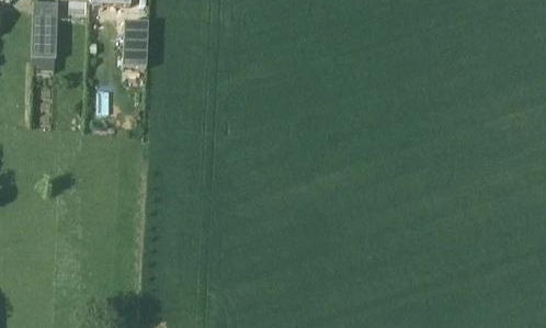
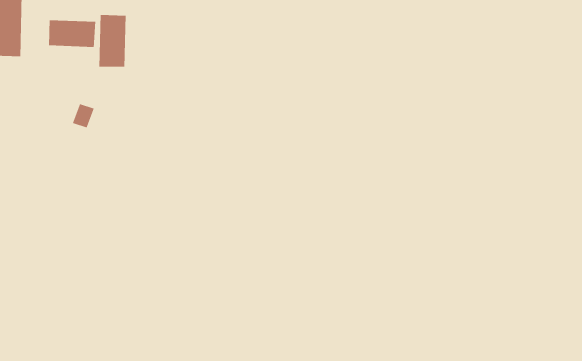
building: none -> [48,19,96,48]

